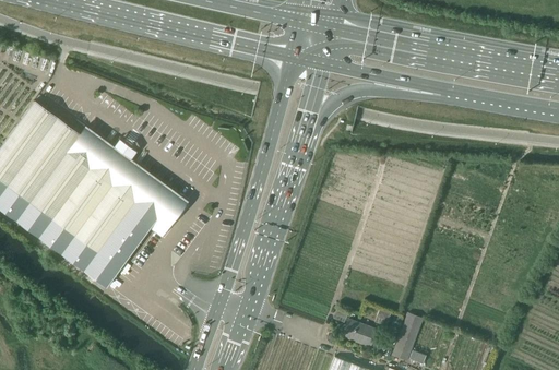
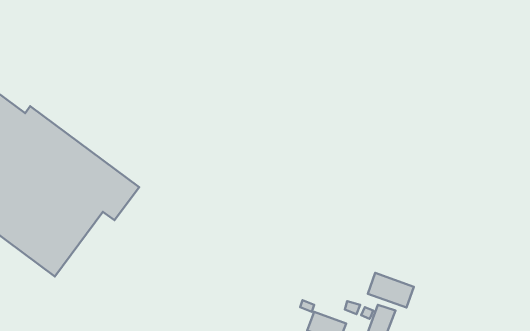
building: none -> [368,273,414,308]

